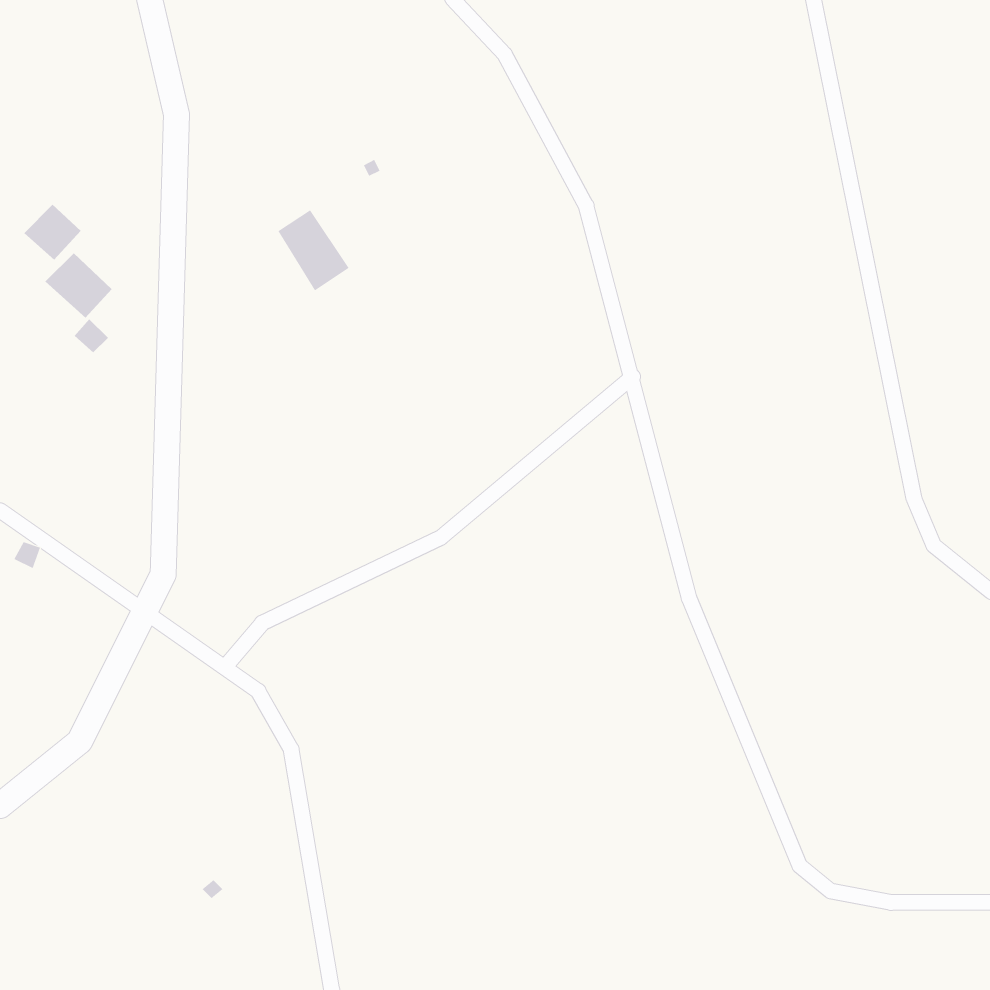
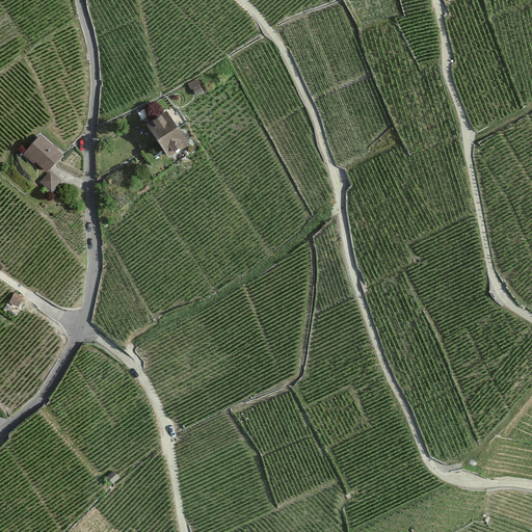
building: [24,204,81,260] -> none

